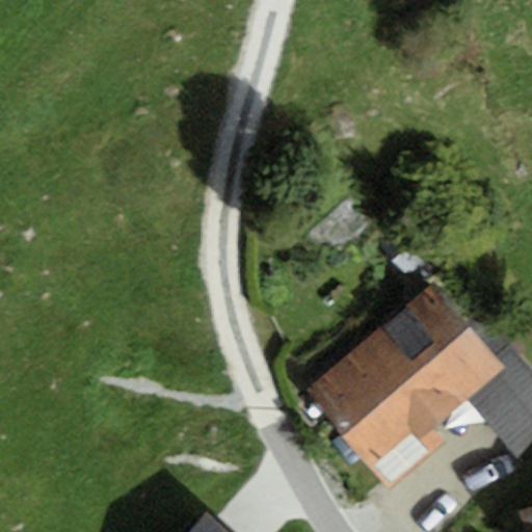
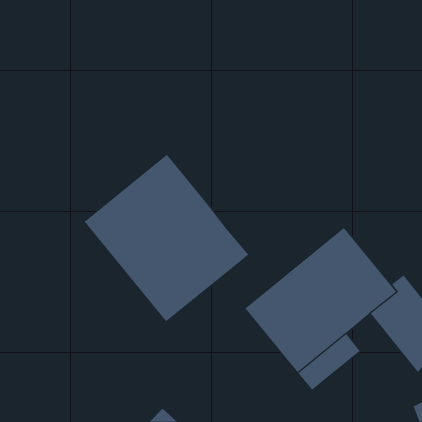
building: none -> [84,154,249,322]

